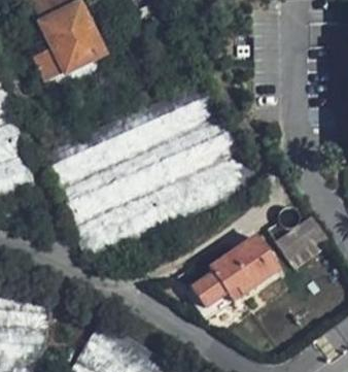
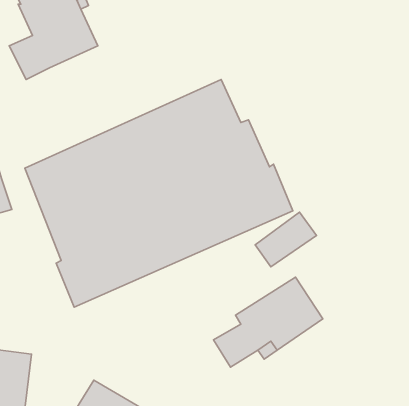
building: [272,213,320,257] -> [255,212,316,267]

